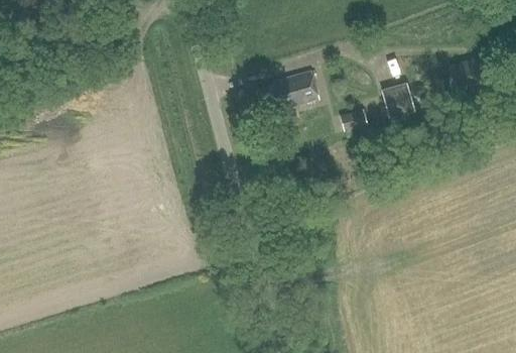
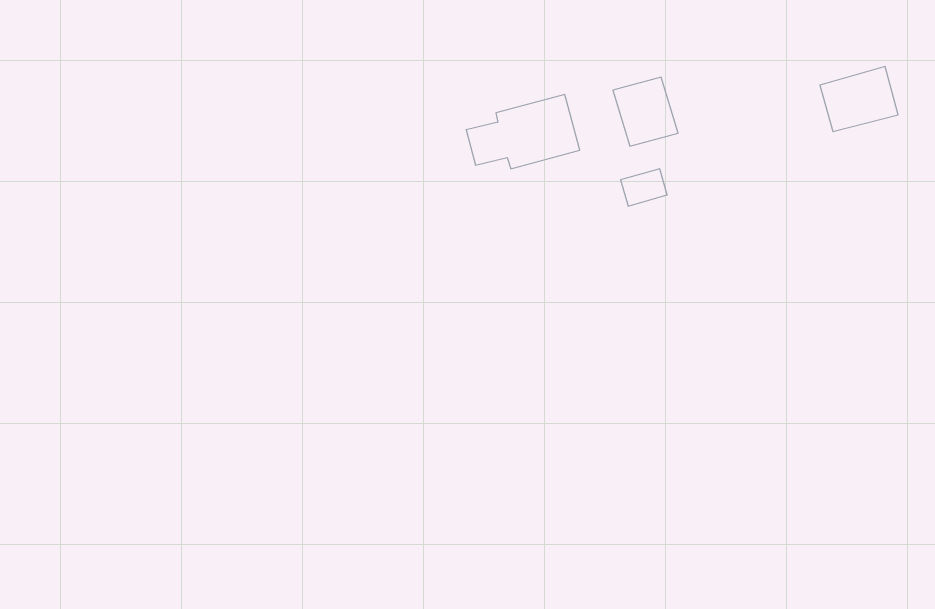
building: [381,82,416,119] -> [613,77,678,146]

